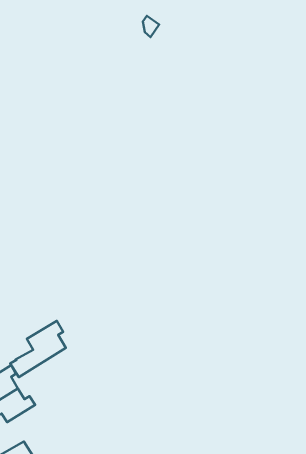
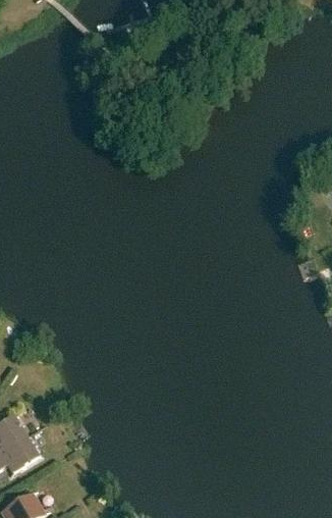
building: [10,321,66,377] -> none

